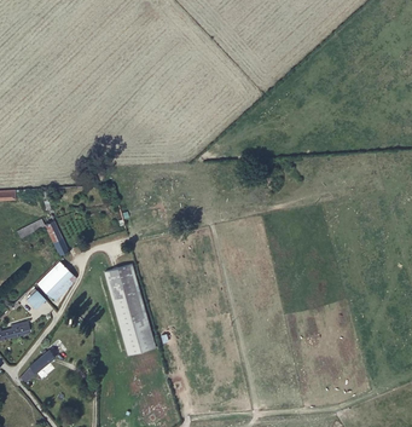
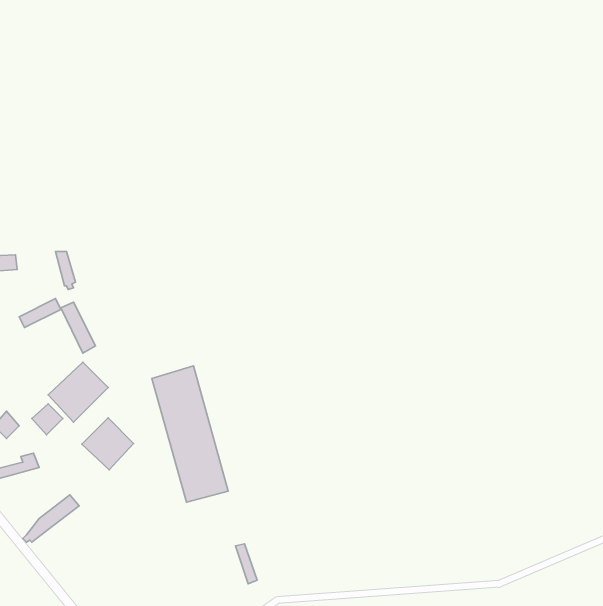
building: none -> [82,418,134,470]

